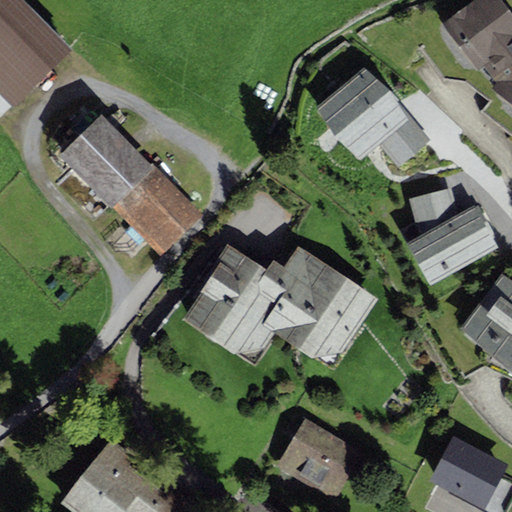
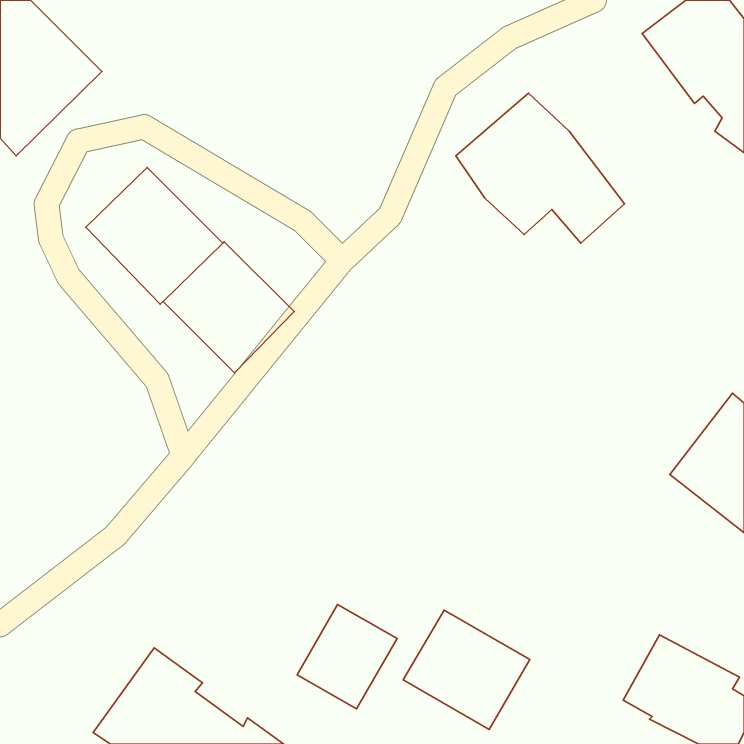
building: [406,187,498,285] -> none
building: [181,245,381,358] -> none
building: none -> [297,605,397,709]

